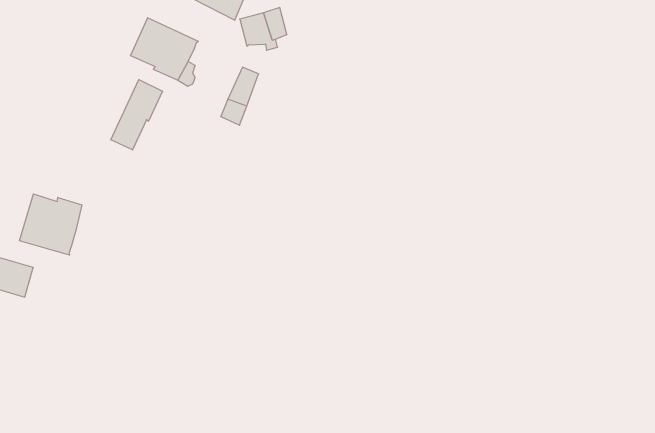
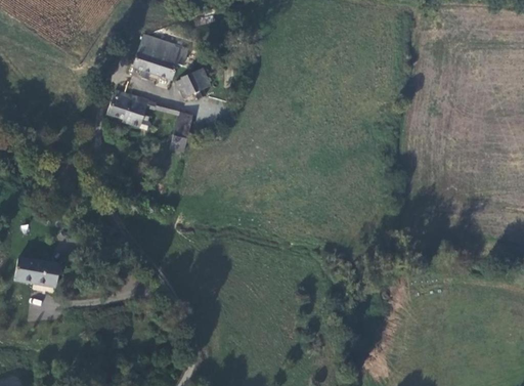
building: [111,80,162,150] -> none
building: [20,194,82,255] -> none

